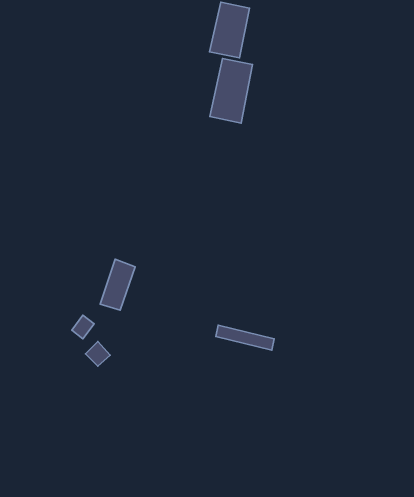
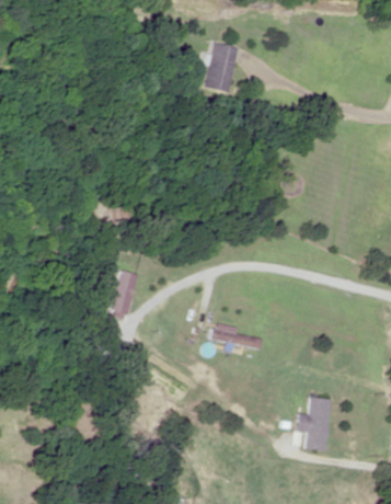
building: [210,59,253,123] -> none
building: none -> [296,396,330,450]

